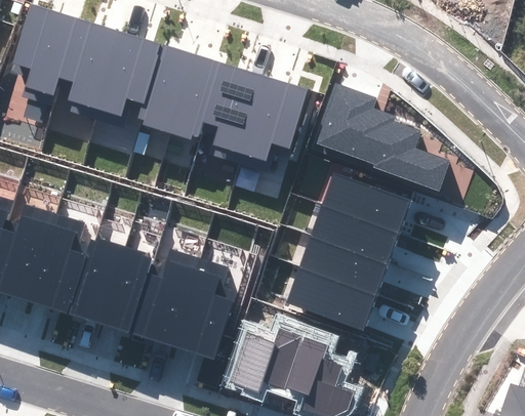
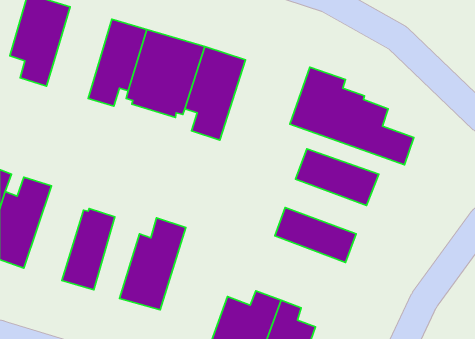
building: [59,19,122,119] -> none
building: [239,77,311,172] -> none
building: [310,206,398,265] -> none
building: [27,213,89,316] -> none
building: [103,247,153,335] -> none
building: [174,258,236,360] -> none
building: [285,267,375,331] -> none

